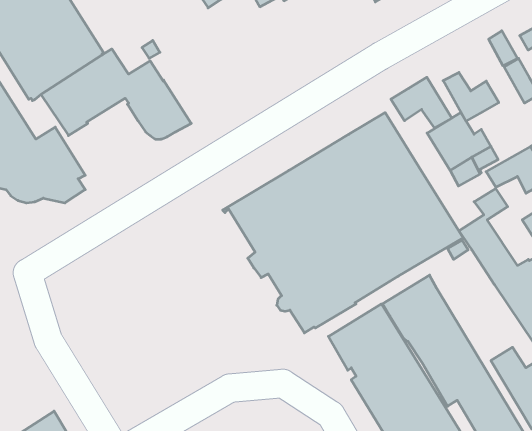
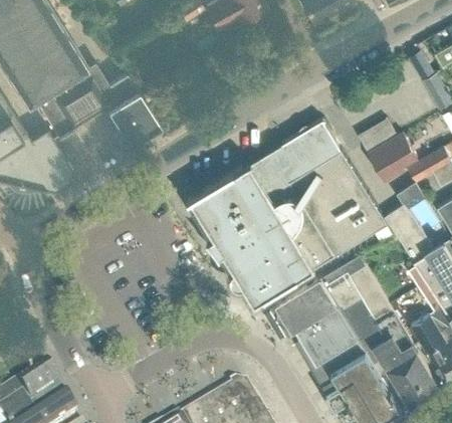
building: [443,72,499,121] -> none
building: [391,77,452,128] -> none

